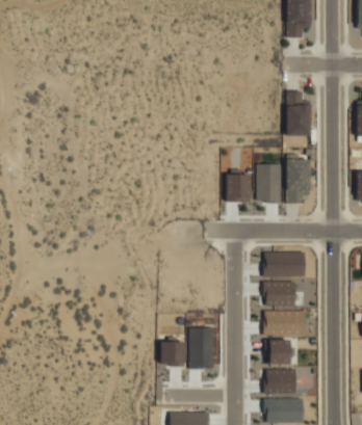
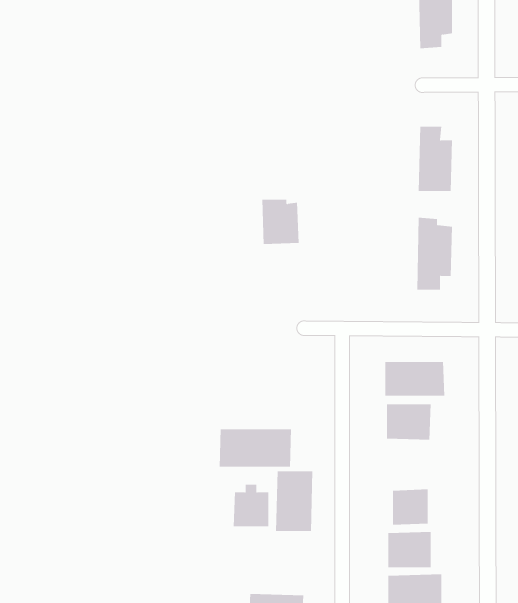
building: [258,163,281,202] -> none
building: [226,170,252,202] -> [261,199,299,245]
building: none -> [219,428,292,468]
building: [265,310,306,335] -> none

